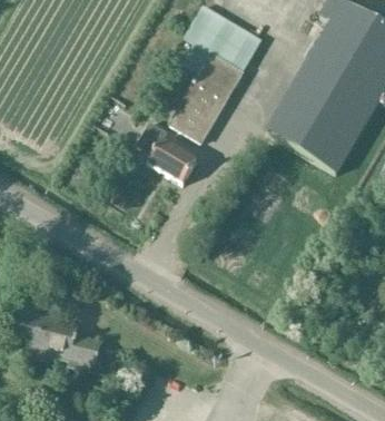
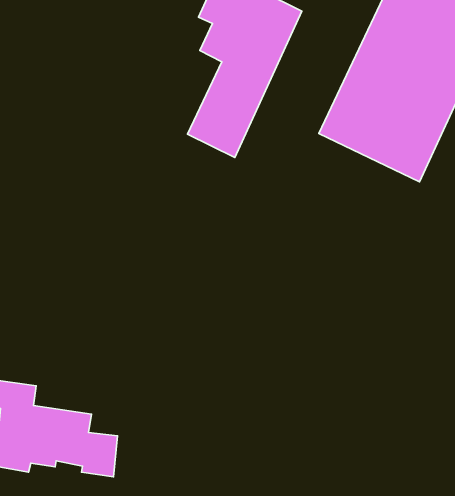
building: [137,119,198,183] -> none

